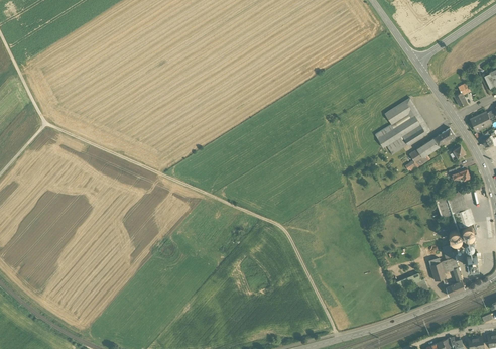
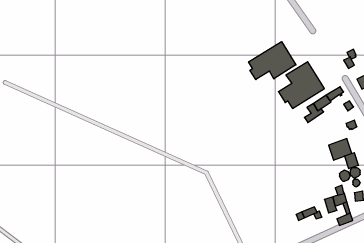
building: none -> [249,42,296,80]

